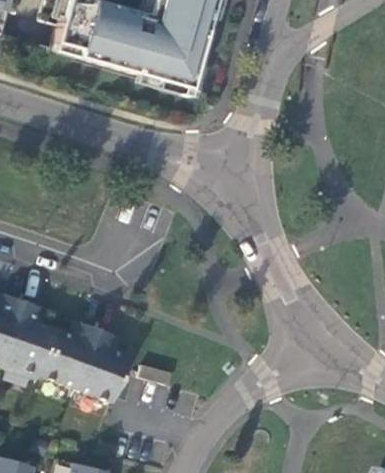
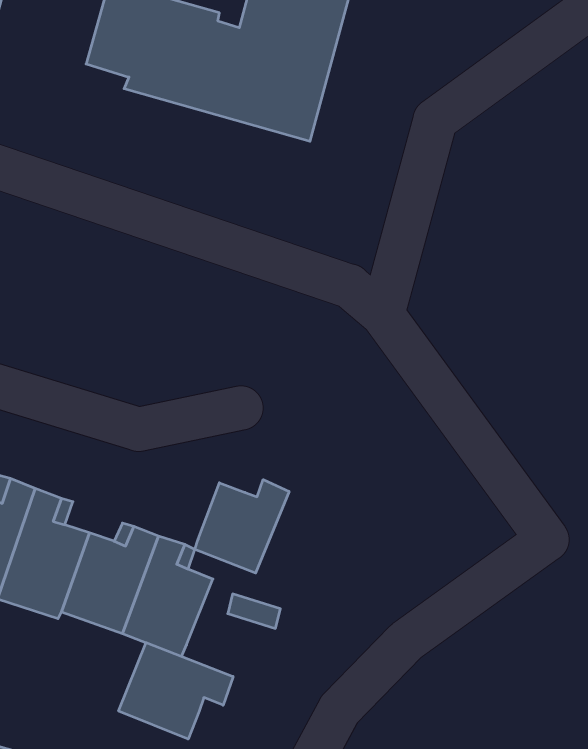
building: none -> [195,480,289,573]
building: none -> [119,643,233,739]

